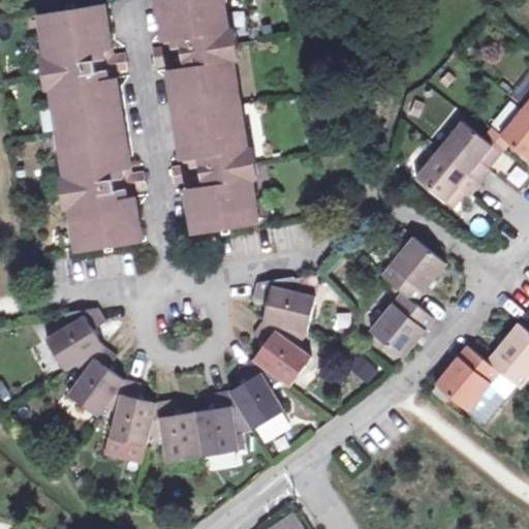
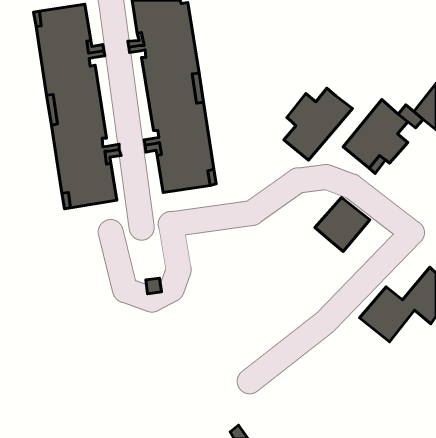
building: none -> [284,88,352,160]
building: [43,279,314,461] -> none
building: [370,293,434,359] -> none

